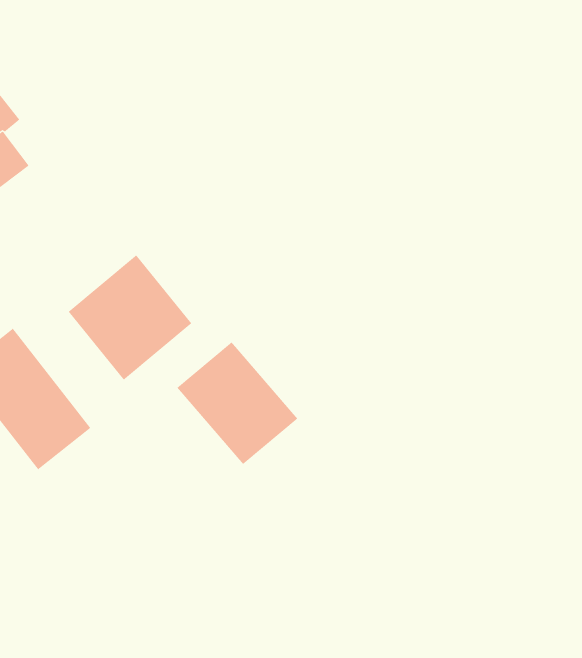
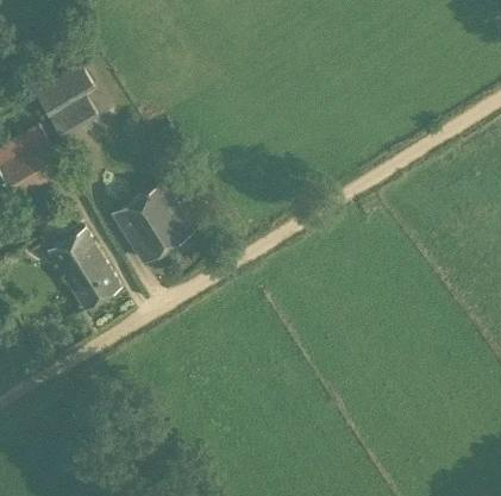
building: [176,341,298,465] -> none

